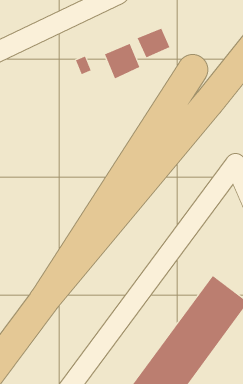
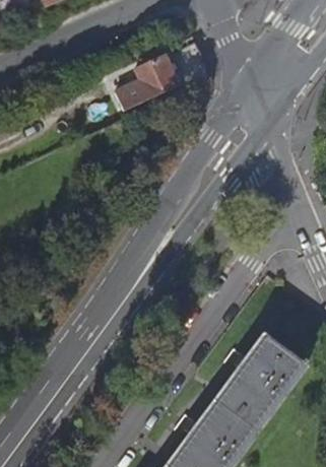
building: [137,28,170,58] -> none

